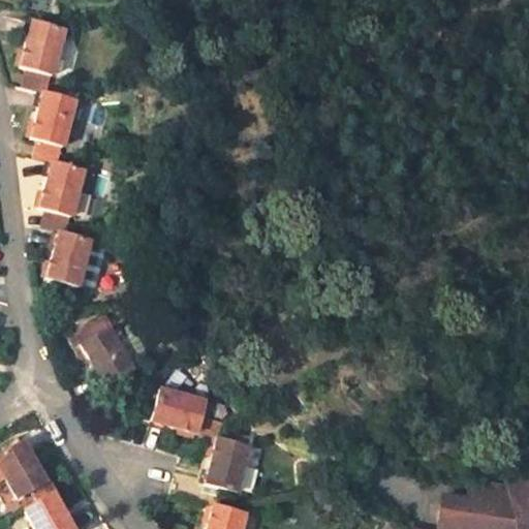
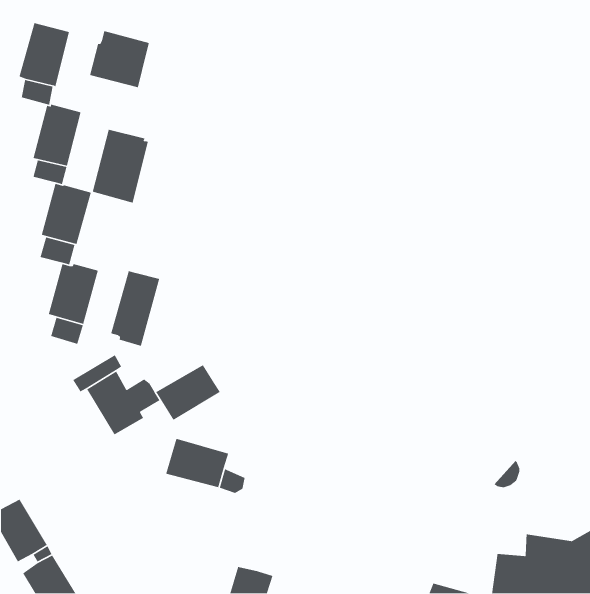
building: none -> [89,30,150,88]
building: none -> [92,129,149,204]
building: none -> [110,270,160,347]
building: none -> [155,364,221,421]
building: [206,439,250,492] -> none

